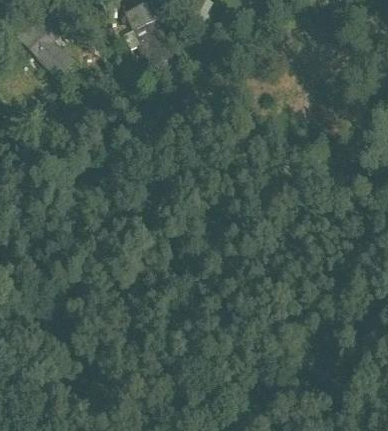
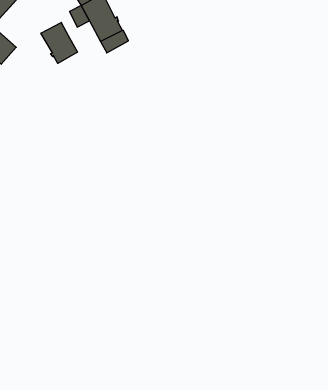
building: none -> [41,22,77,63]

